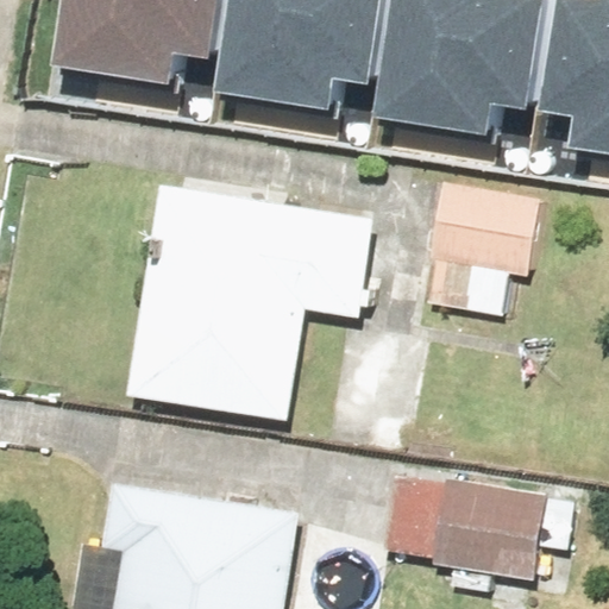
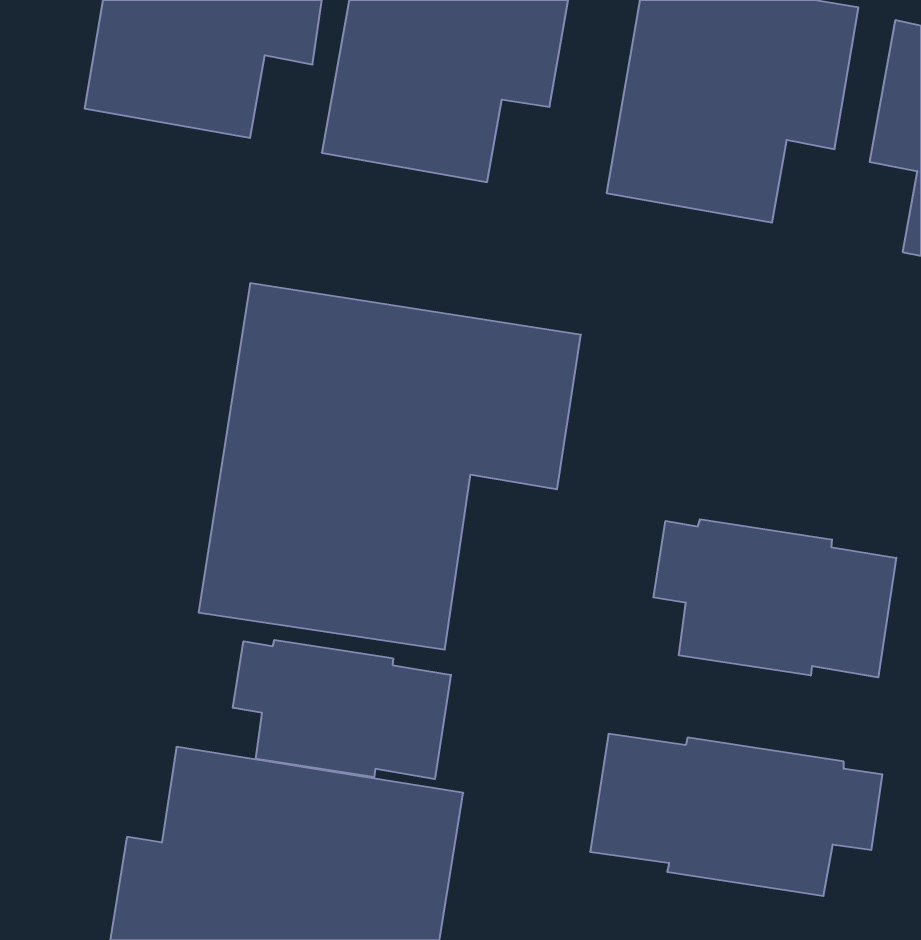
building: [425,181,540,316] -> none
building: none -> [653,519,896,677]
building: none -> [233,640,451,779]

